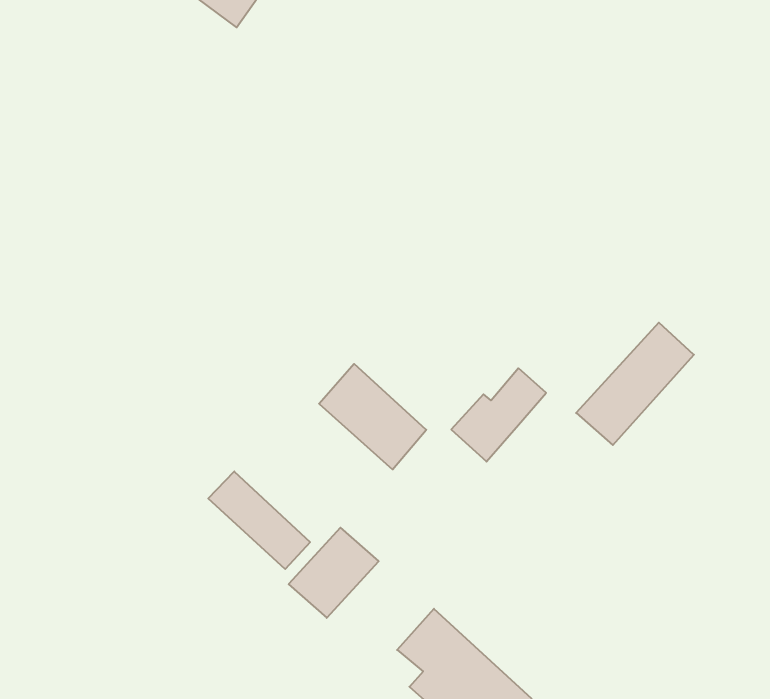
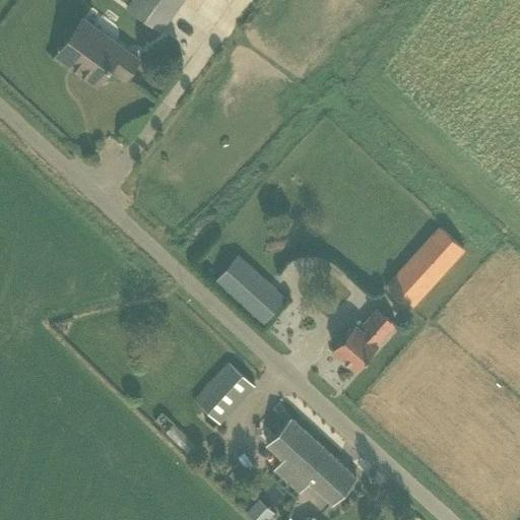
building: none -> [60,19,140,86]
building: [451,368,546,462] -> [333,309,396,371]
building: [208,471,310,569] -> none

